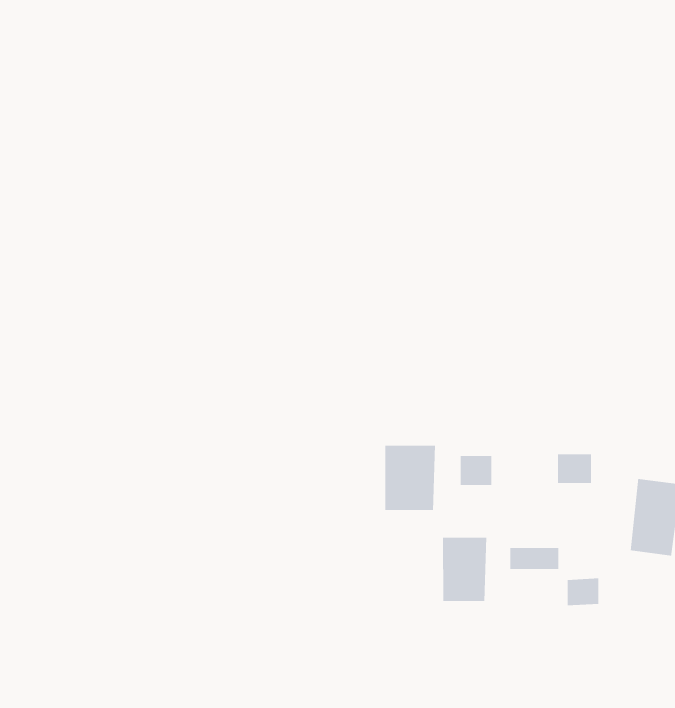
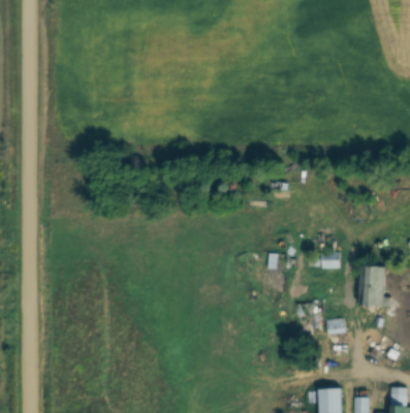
building: [384,445,436,511] -> none
building: [442,537,487,602] -> none

